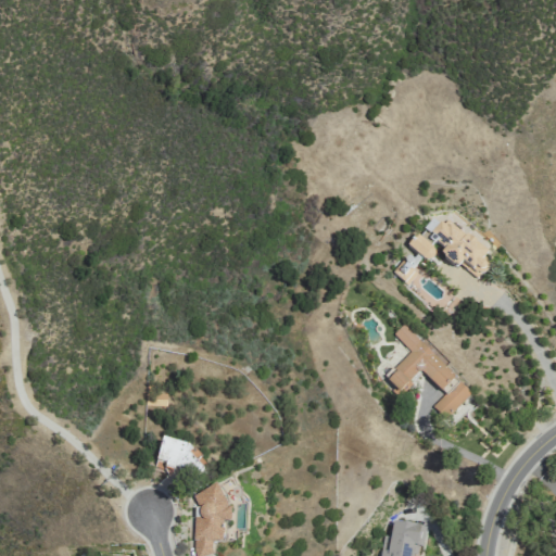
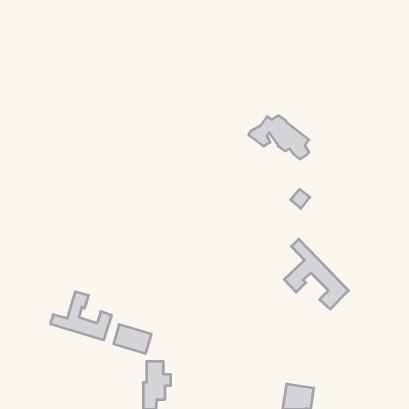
building: [409,216,491,275] -> [249,116,309,159]
building: none -> [50,292,111,340]

